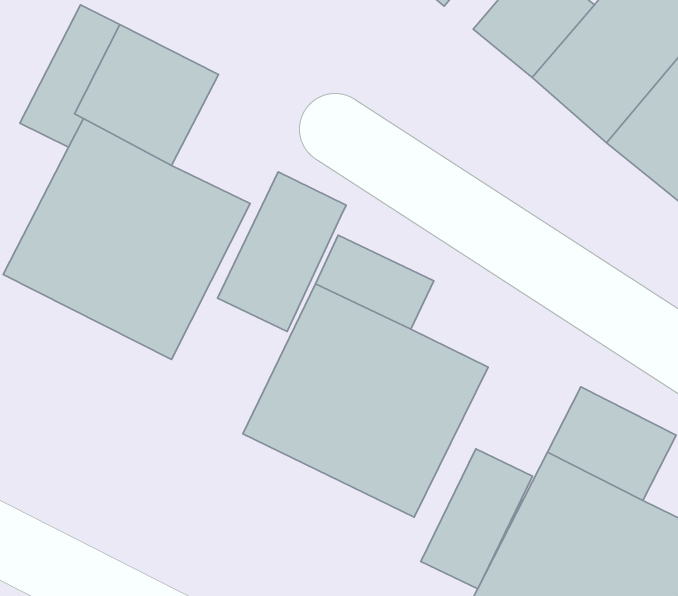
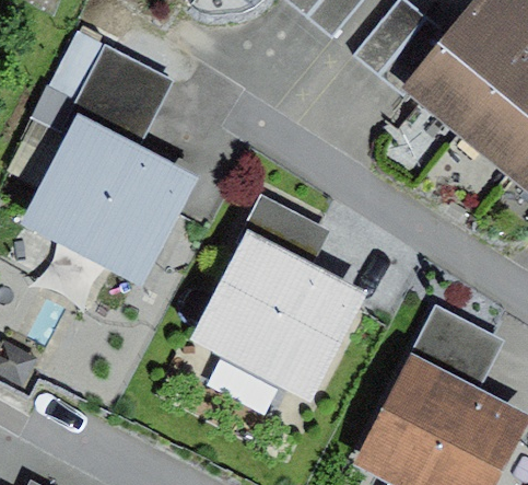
building: [217,172,346,331] -> none
building: [421,449,532,589] -> none

